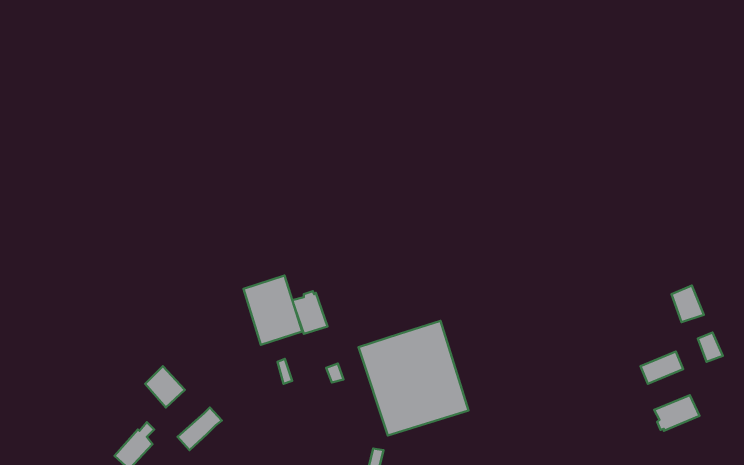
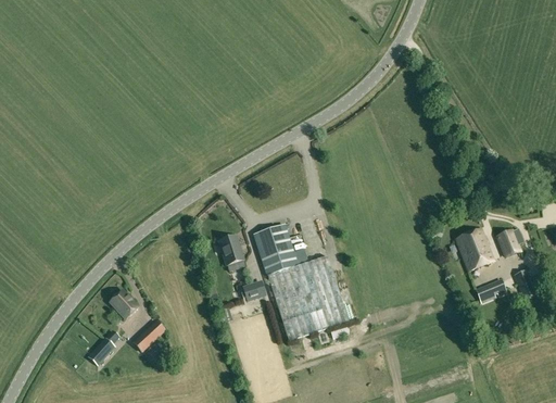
building: [243,276,302,345] -> [254,224,298,275]
building: none -> [456,228,494,270]
building: [654,395,700,431] -> none

